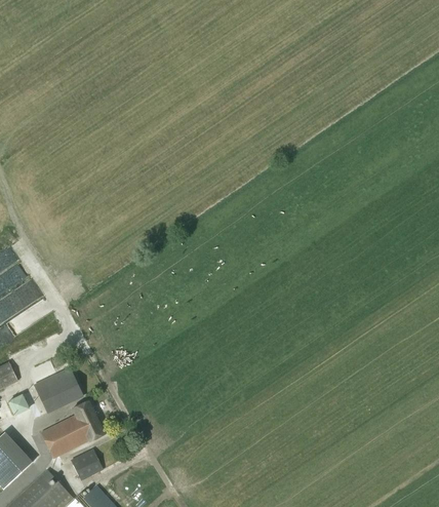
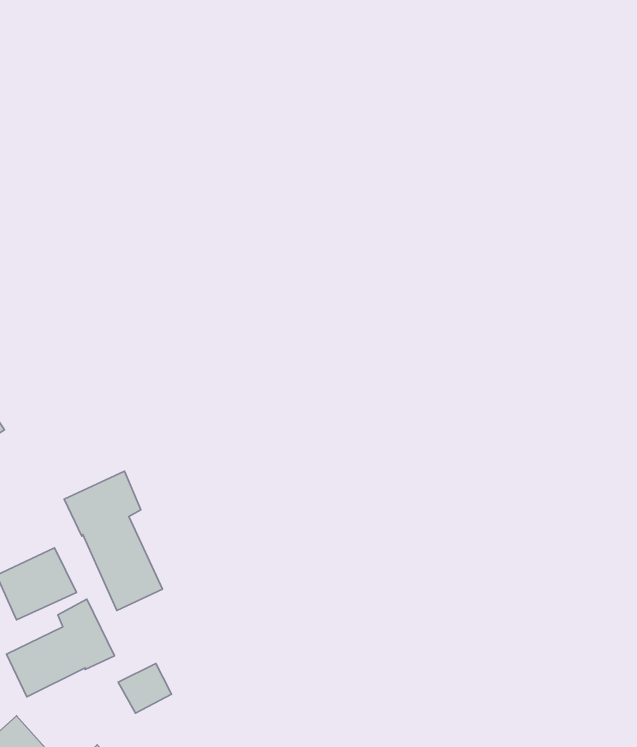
building: none -> [64,471,162,610]
building: [71,450,103,479] -> [118,663,171,713]

